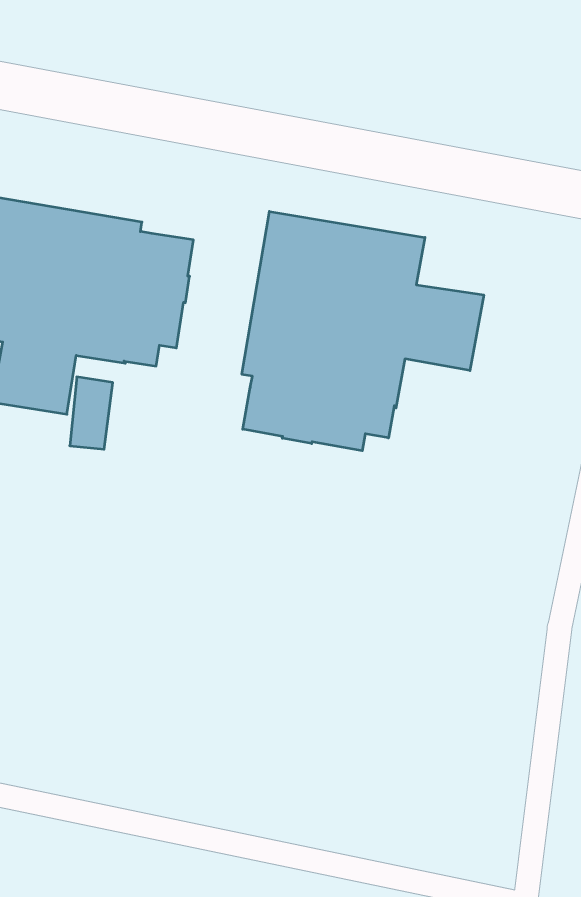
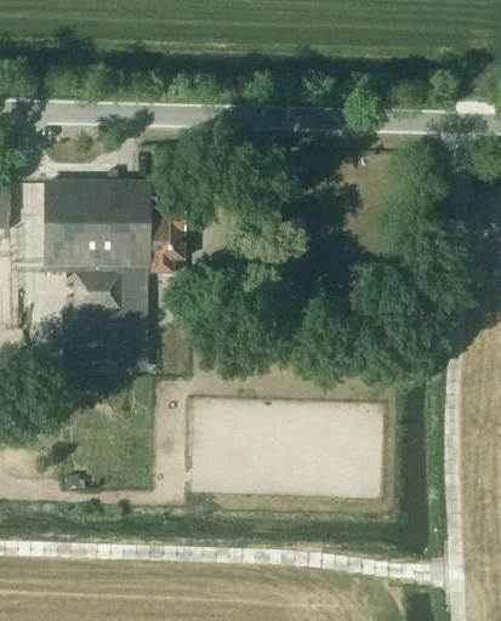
building: [242,211,484,451] -> none

